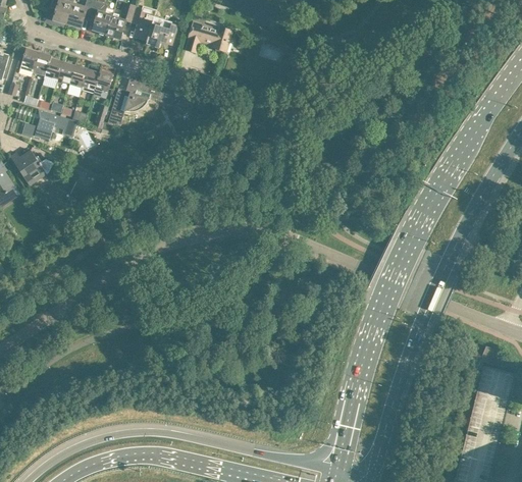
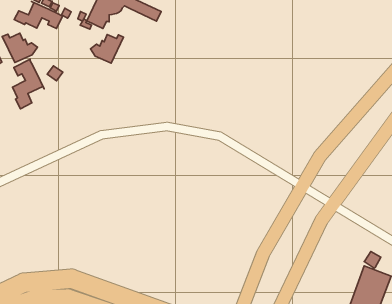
building: none -> [90,35,123,63]
building: none -> [12,59,44,109]

